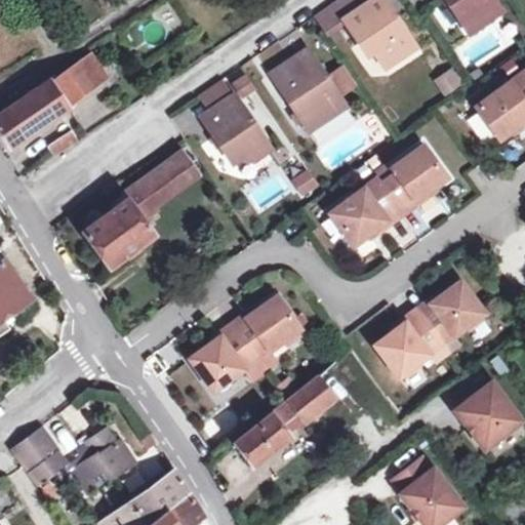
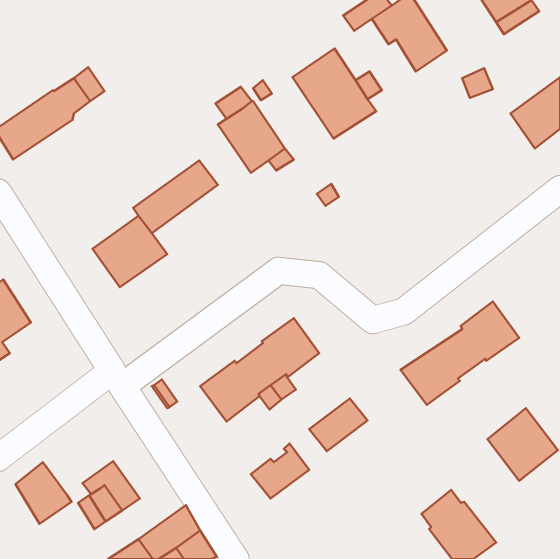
building: [328,145,446,245] -> none

